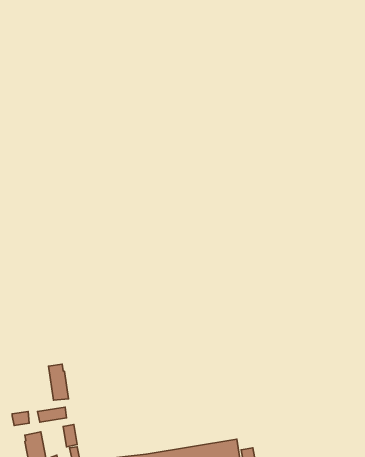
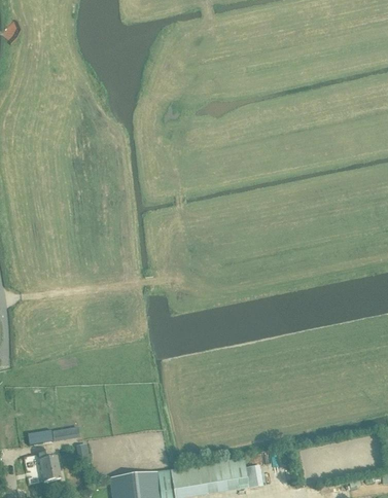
building: [48,364,69,400] -> none

